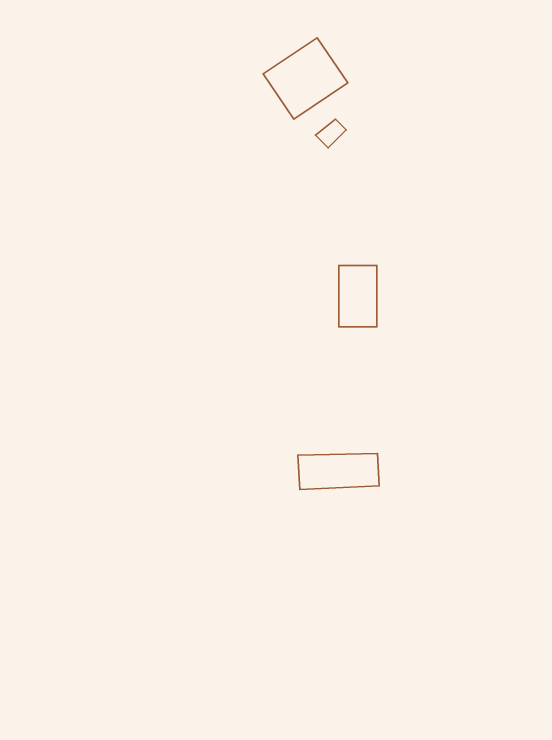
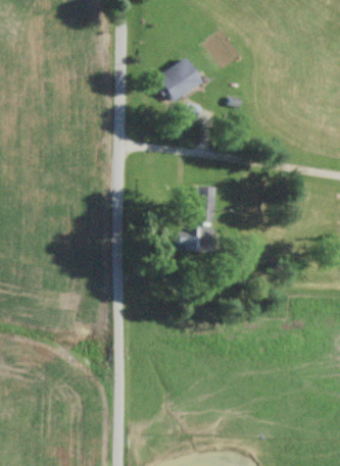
building: [298,453,379,490] -> [169,228,215,249]

